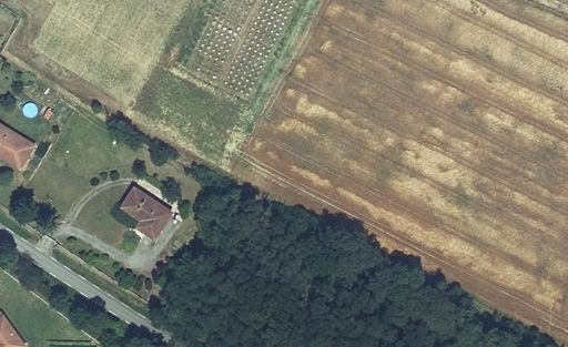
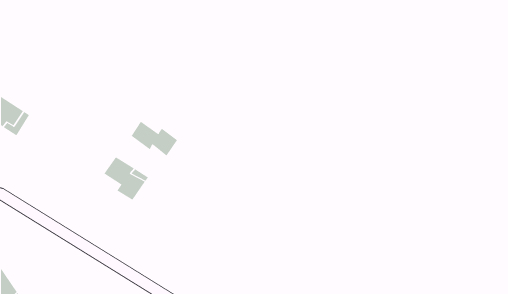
building: none -> [131,121,178,157]

